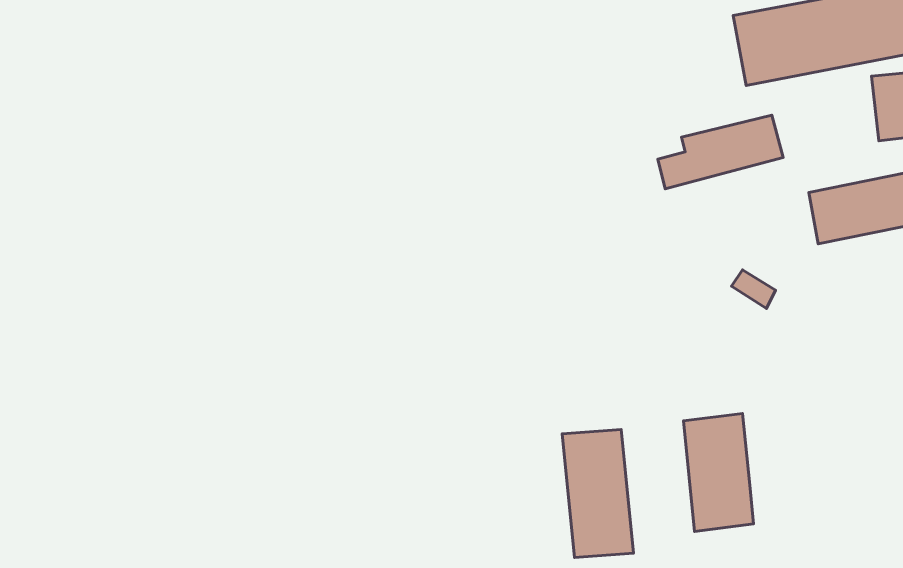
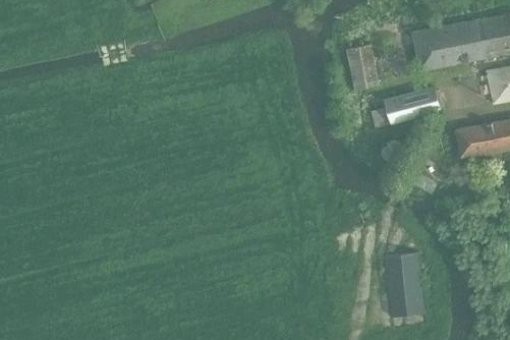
building: none -> [344,41,378,90]
building: [562,430,634,558] -> none

